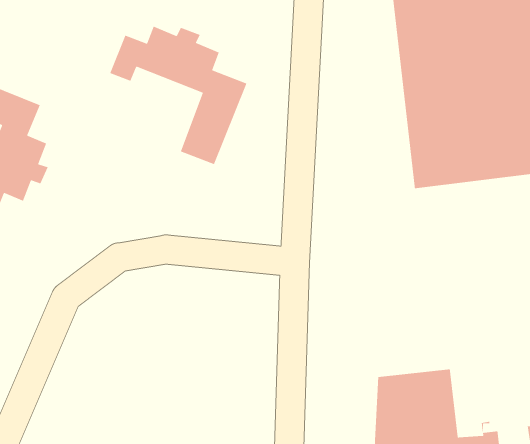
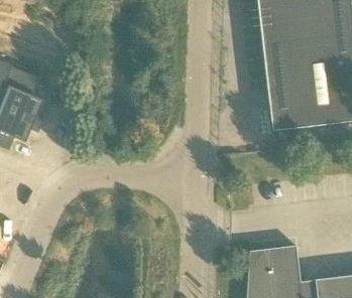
building: [109,25,248,165] -> none

